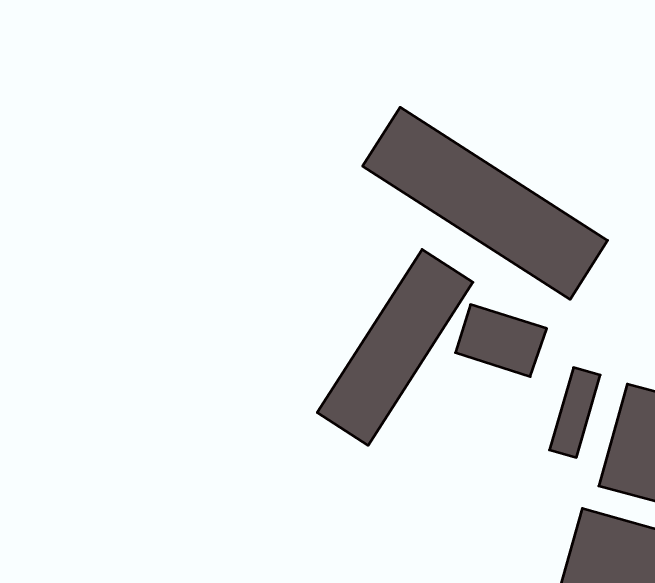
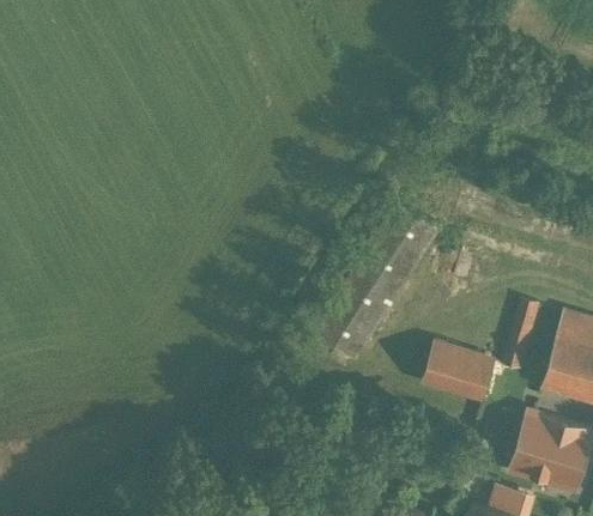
building: [363,107,608,299] -> none
building: [455,305,547,377] -> [423,341,496,399]

